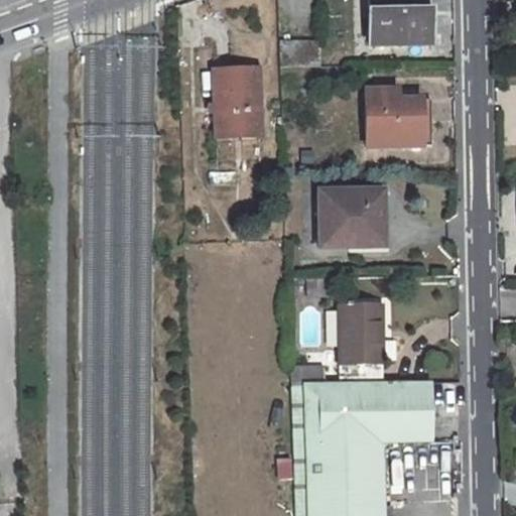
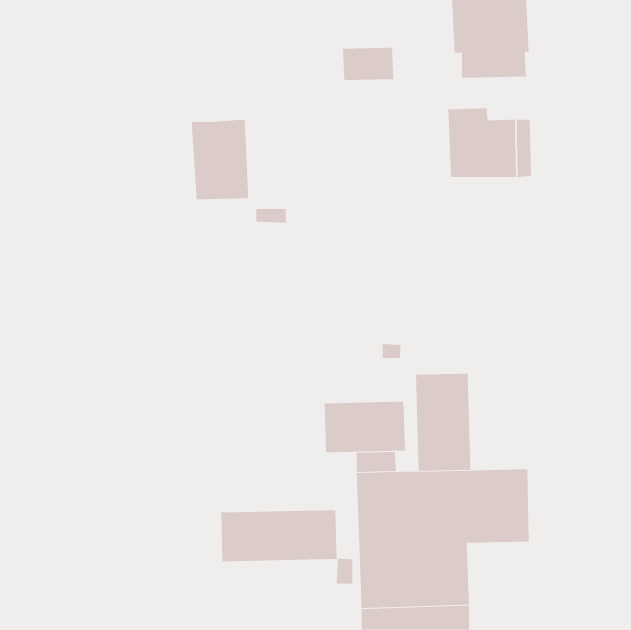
building: [215,66,262,131] -> [191,119,249,200]
building: [320,189,384,246] -> none
building: none -> [324,401,405,453]
building: none -> [221,509,337,562]

